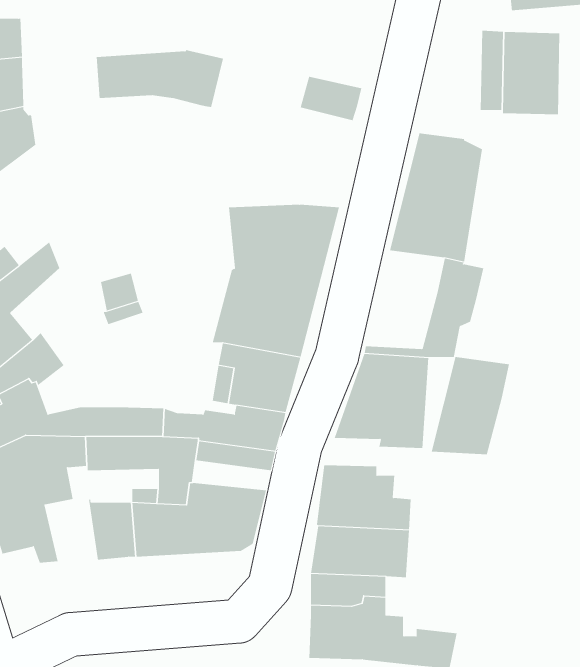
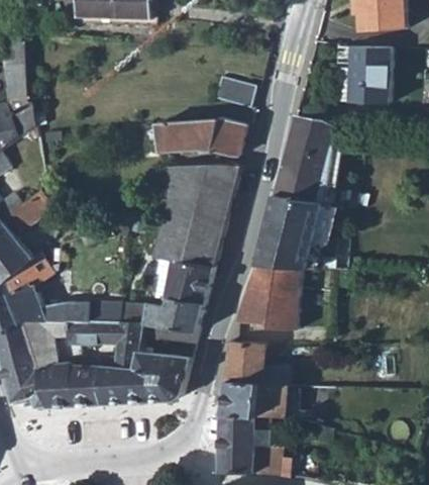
building: [96,49,224,107] -> [157,117,244,157]
building: [431,357,510,455] -> [256,195,310,262]
building: none -> [39,363,75,406]

